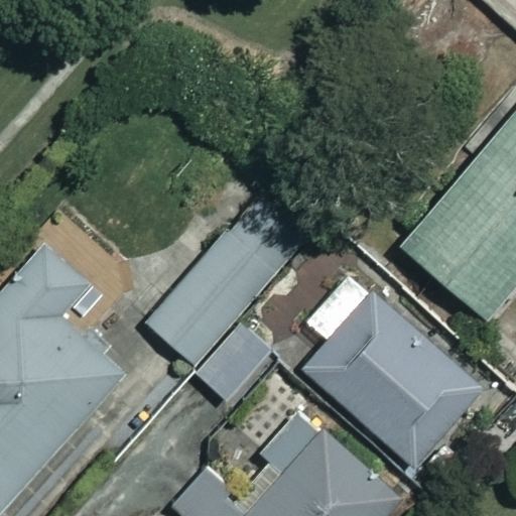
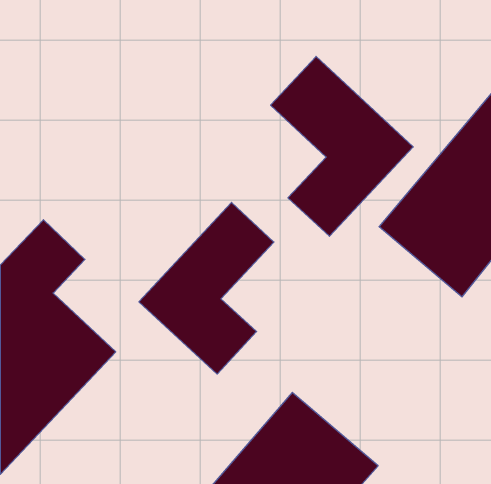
building: none -> [271,56,413,236]
building: [301,292,480,466] -> none

